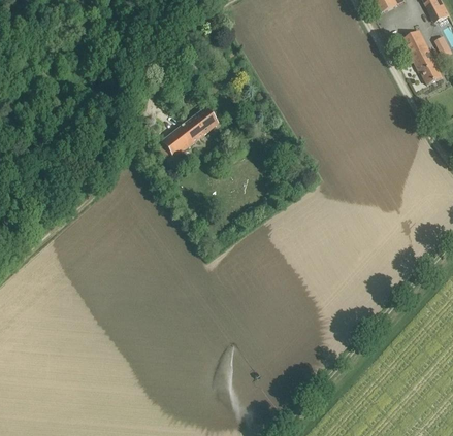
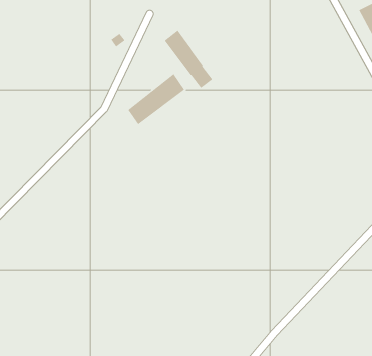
building: none -> [163,30,214,89]

